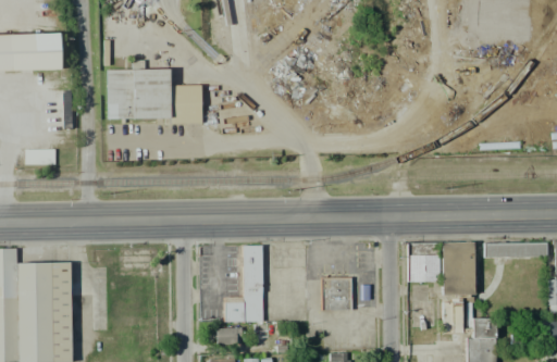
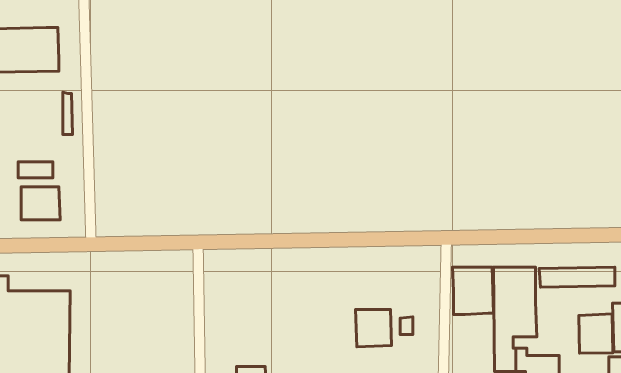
building: [107,67,202,125] -> none
building: none -> [21,187,60,220]
building: [223,246,263,324] -> none
building: none -> [579,314,613,353]

